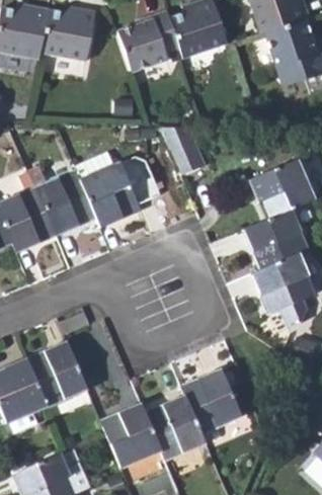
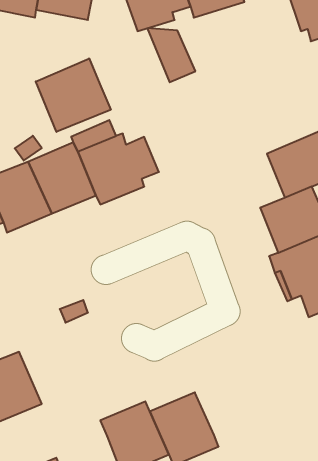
building: none -> [36,58,111,132]
building: [161,128,205,176] -> [147,28,195,82]
building: [27,342,87,406] -> none
building: [181,369,242,434] -> none

